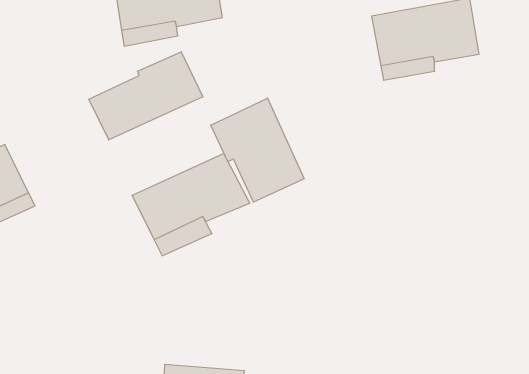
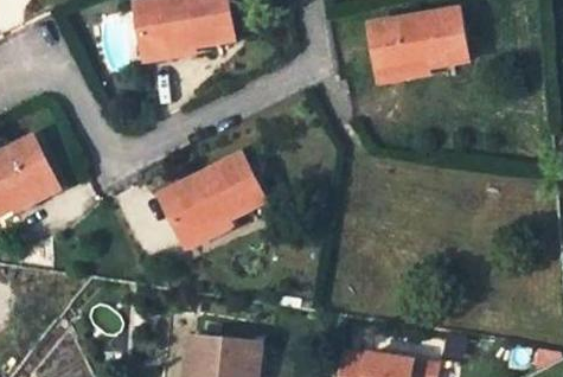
building: [89,52,203,140] -> none
building: [211,98,304,202] -> none

